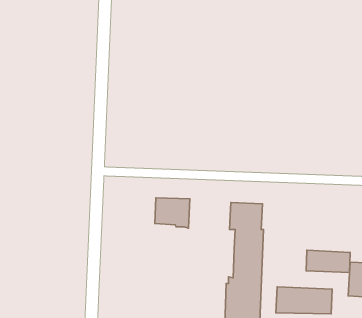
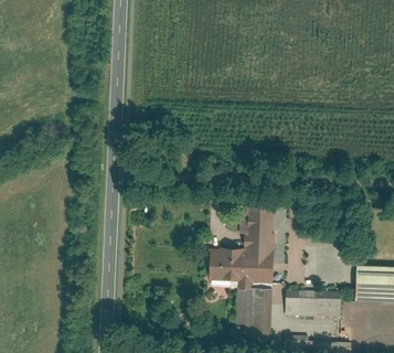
building: [155,198,190,228] -> [211,250,245,280]
building: [306,250,350,273] -> none

